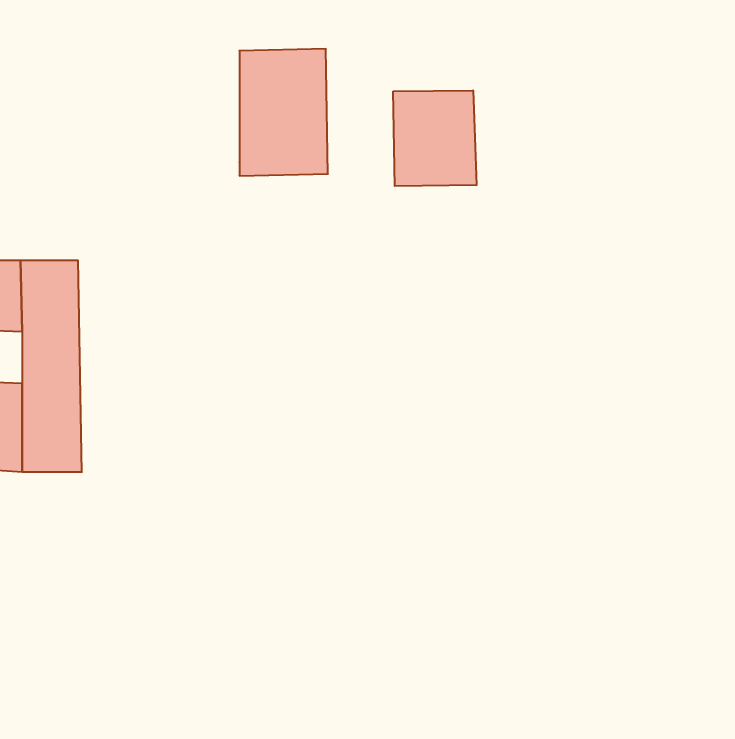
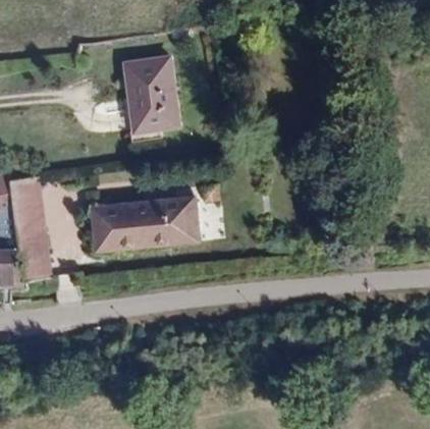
building: [393,90,476,186] -> none
building: none -> [93,202,194,250]

